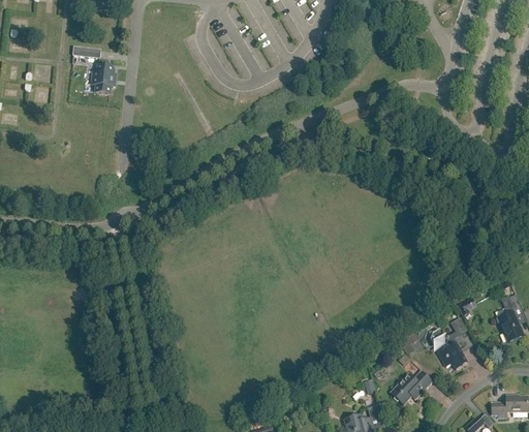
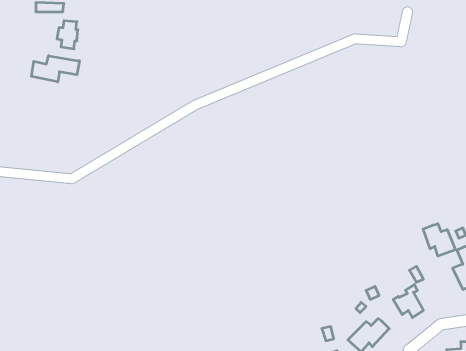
building: none -> [31,56,79,82]
building: none -> [423,224,455,256]

